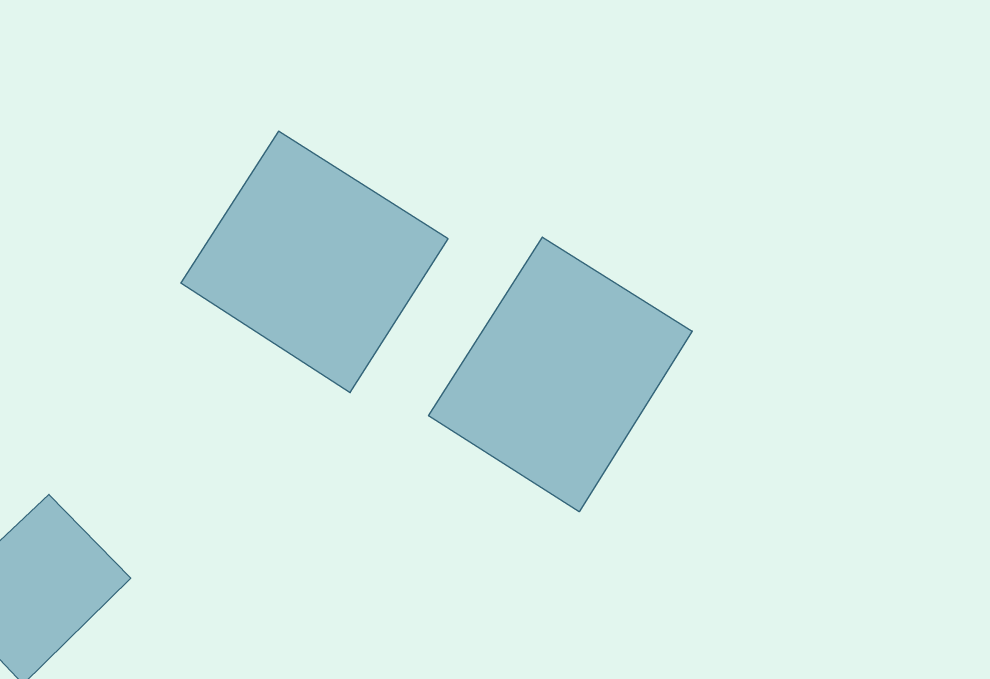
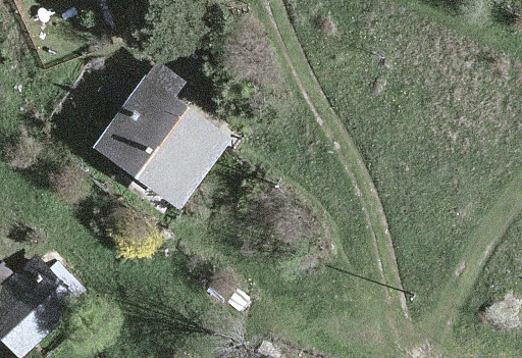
building: [429,237,692,512] -> none

